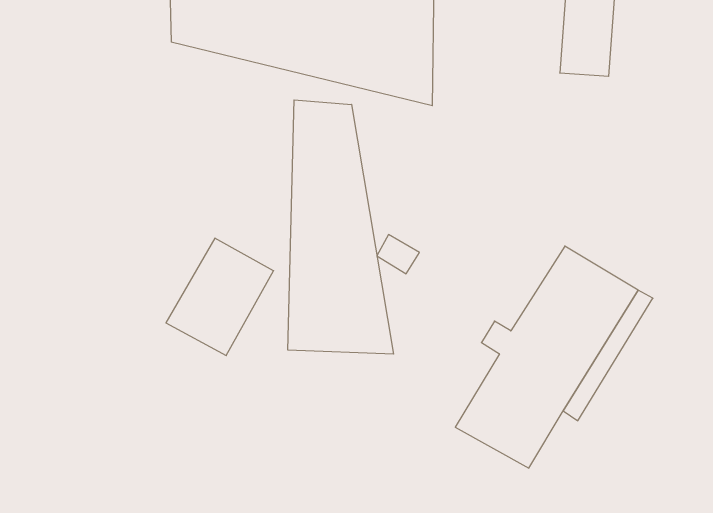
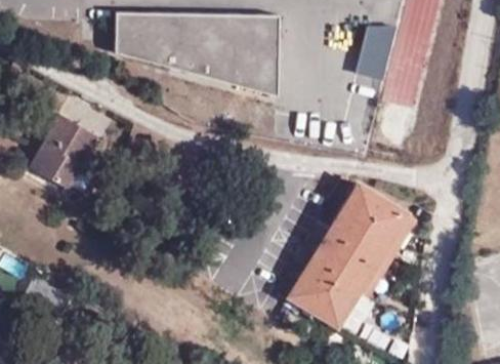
building: [288,100,393,354] -> none
building: [166,238,274,356] -> [30,112,97,186]

